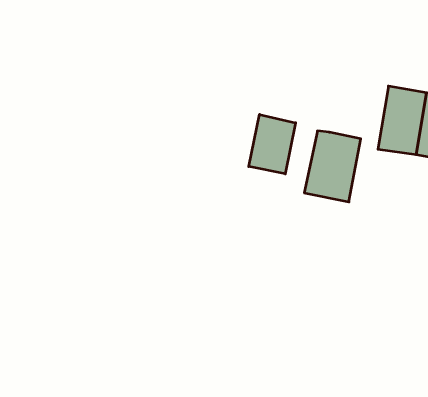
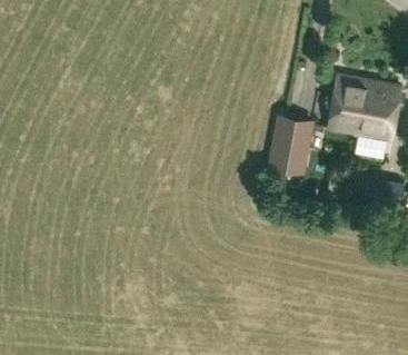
building: [249,114,296,174] -> none

